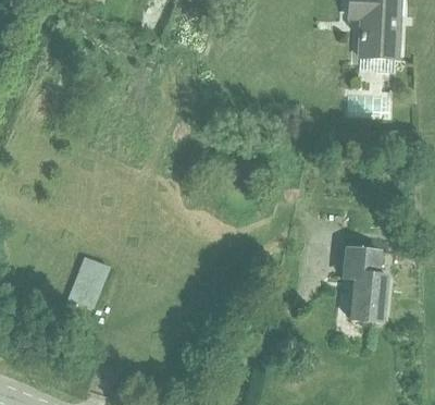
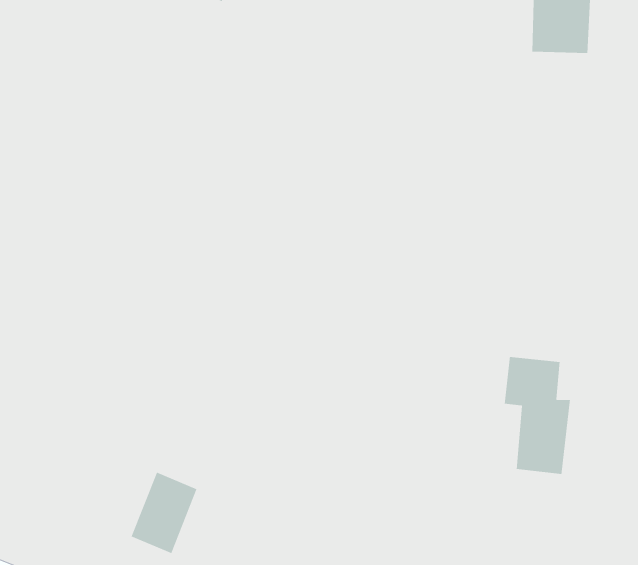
building: [67,256,110,308] -> [131,472,198,554]

